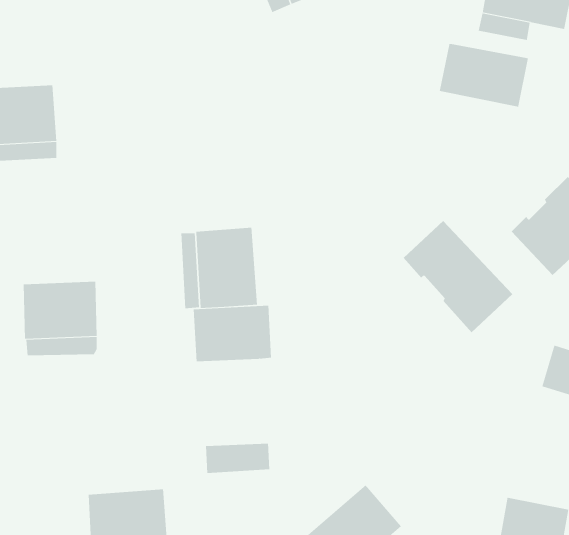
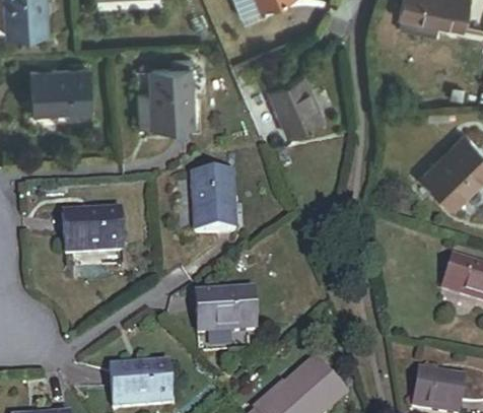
building: [439,43,529,108] -> none
building: none -> [139,65,194,124]
building: none -> [270,73,324,132]
building: [403,220,513,333] -> none
building: [193,305,272,362] -> [197,289,255,331]

